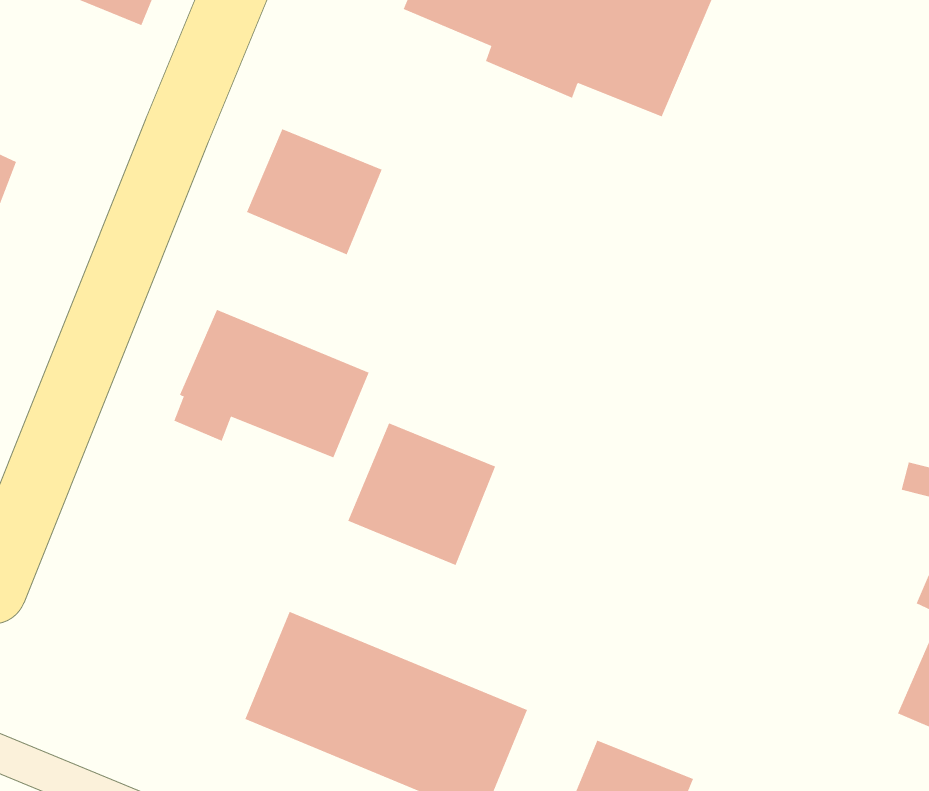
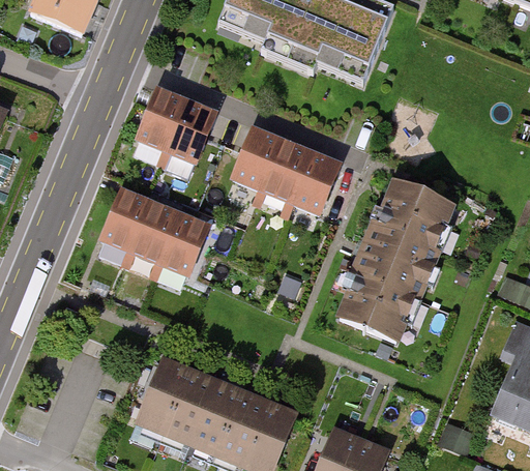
building: none -> [232,126,337,210]
building: none -> [342,182,457,338]
building: [347,423,496,566] -> none

